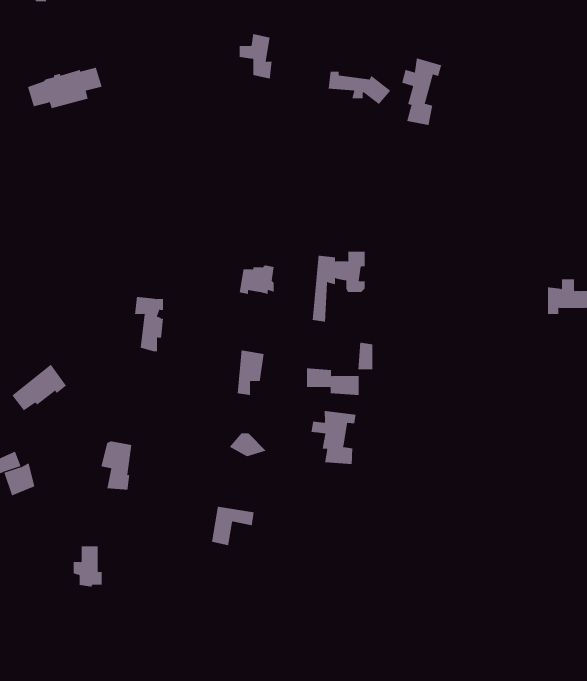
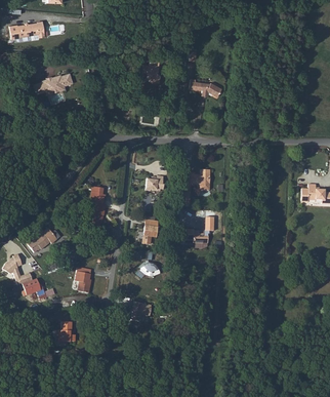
building: [401,58,442,126] -> none
building: [311,410,356,465] -> none

